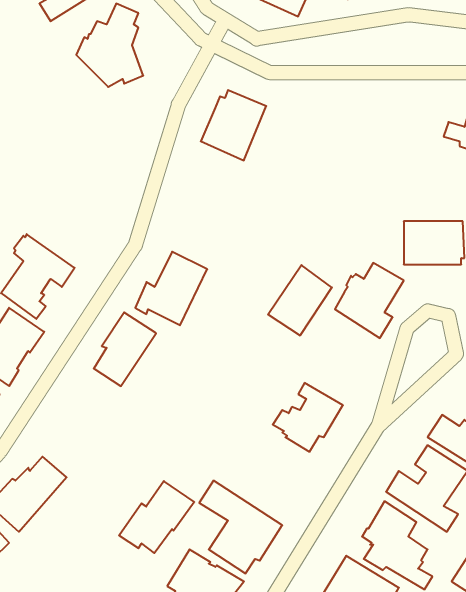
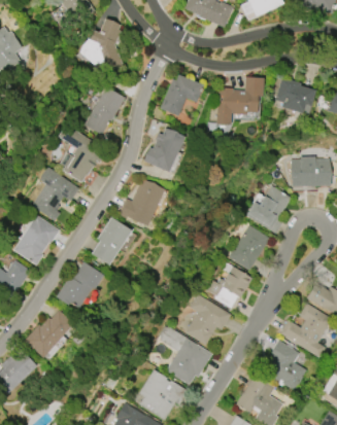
building: none -> [215,76,263,123]
building: none -> [274,77,315,113]
building: none -> [83,86,125,135]
building: none -> [57,123,106,183]
building: none -> [142,128,184,172]
building: [268,265,332,335] -> [228,224,269,270]
building: none -> [184,293,231,344]
building: [119,481,194,553] -> [55,261,103,308]

